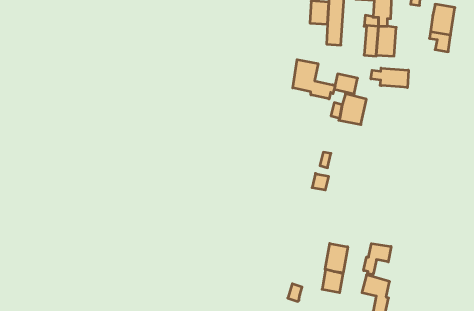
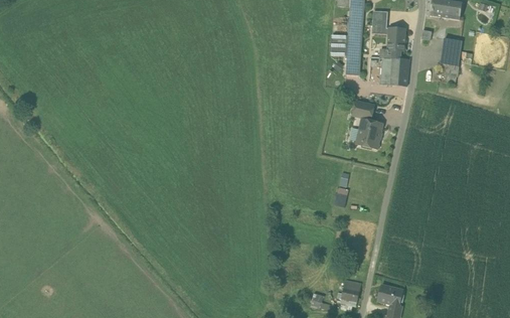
building: [293,60,335,99] -> none
building: [371,68,408,88] -> none
building: [325,243,348,273] -> none
building: [364,244,391,275] -> none

